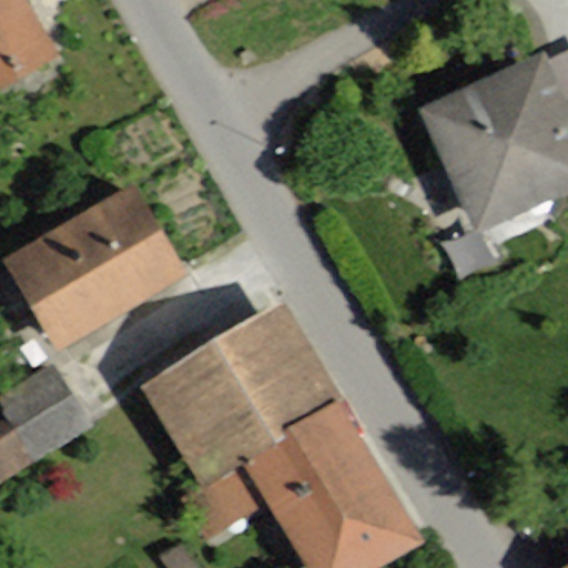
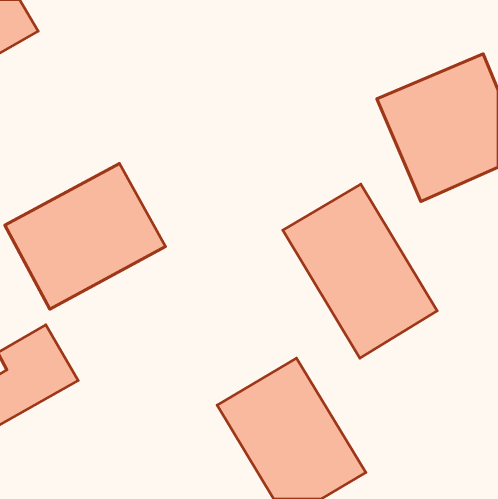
building: none -> [283,184,437,358]
building: [145,308,336,485] -> none

